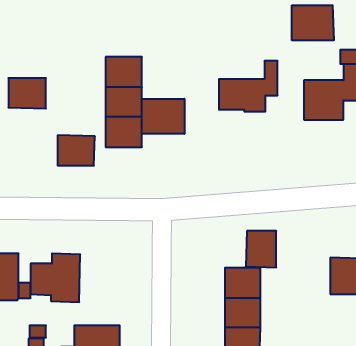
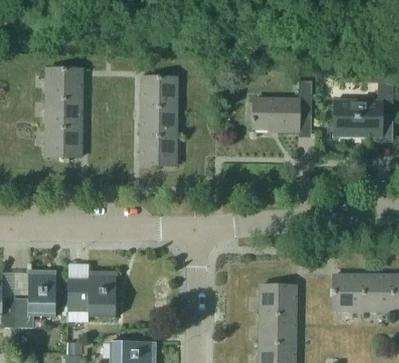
building: [292,5,334,40] -> none
building: none -> [45,68,82,97]
building: [142,99,184,134] -> none
building: [58,135,95,166] -> [45,126,82,156]
building: [246,231,276,267] -> [333,274,363,310]

